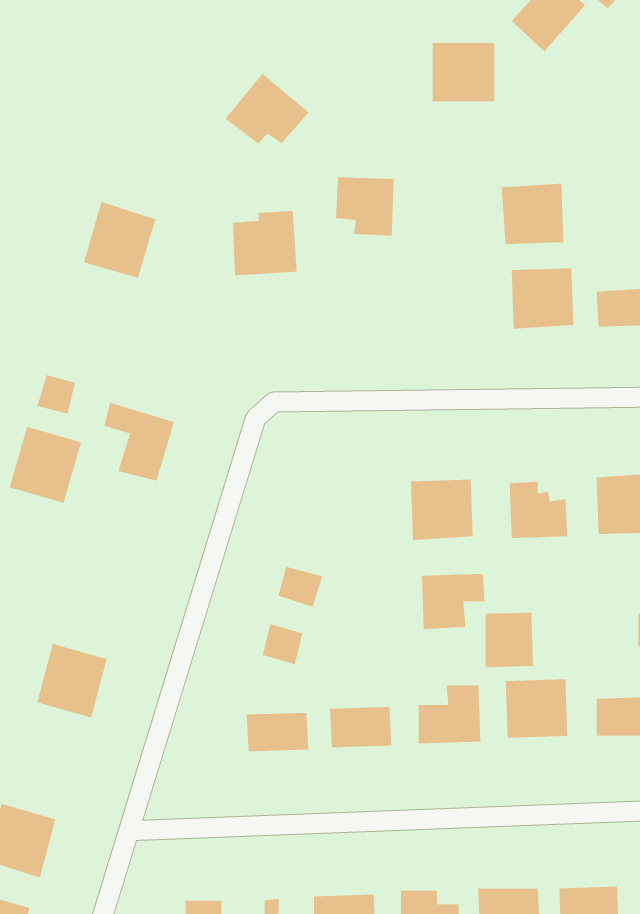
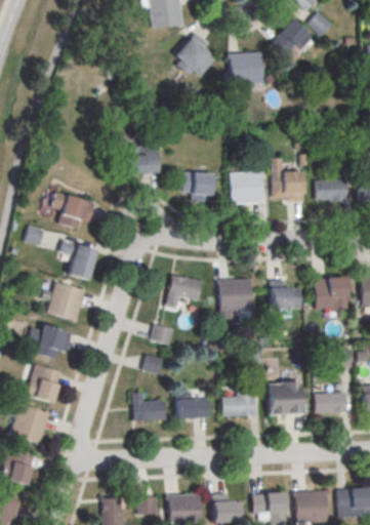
building: [224,73,310,144] -> [172,37,216,74]
building: [335,177,395,236] -> [182,170,213,201]
building: [501,183,564,244] -> [231,171,263,203]
building: [83,201,156,278] -> [58,193,96,233]
building: [9,426,82,503] -> [47,281,85,321]
building: none -> [167,274,202,307]
building: none -> [36,323,73,362]
building: [421,573,485,630] -> none
building: [485,612,533,668] -> none
building: none -> [13,404,51,443]

